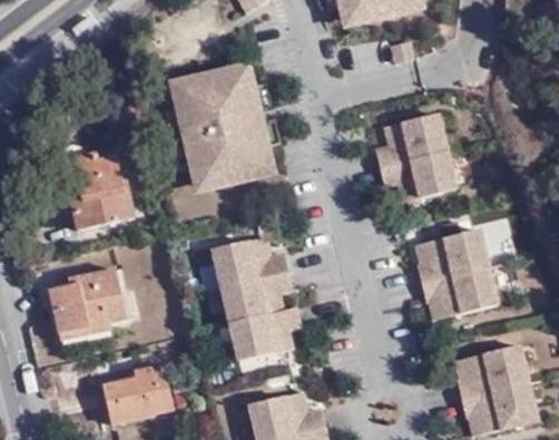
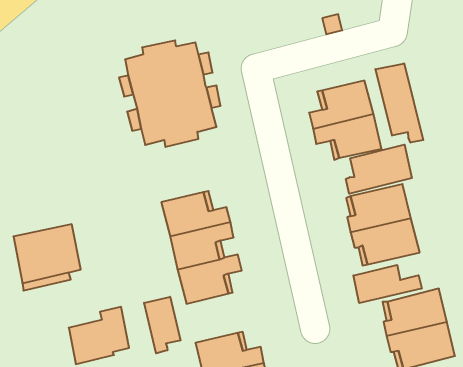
building: none -> [375,63,423,143]
building: [73,155,135,232] -> none
building: none -> [346,145,412,194]
building: none -> [353,265,422,303]
building: none -> [144,297,181,353]

